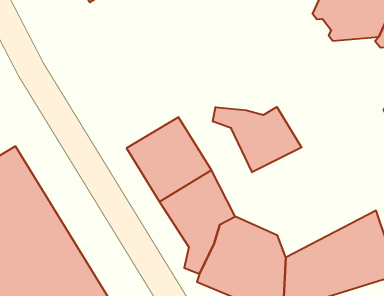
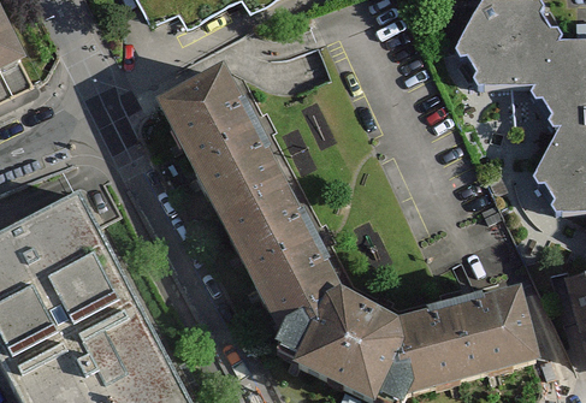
building: none -> [162,63,278,192]
building: [213,107,302,172] -> none

